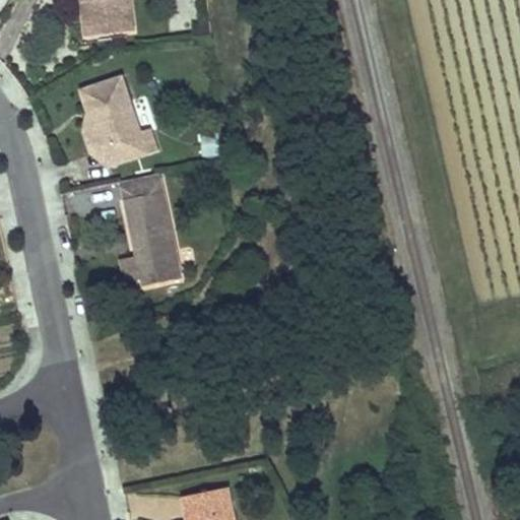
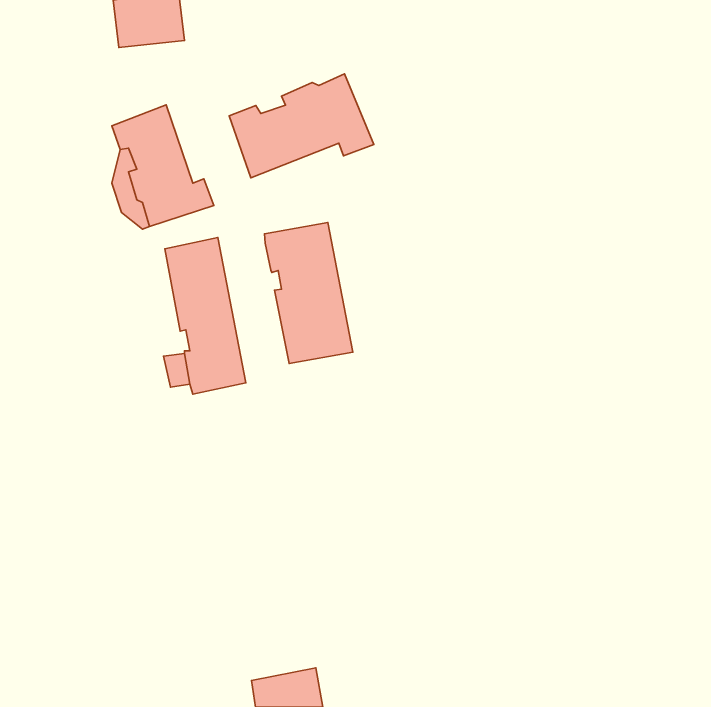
building: none -> [229,74,374,178]
building: none -> [264,223,353,363]

